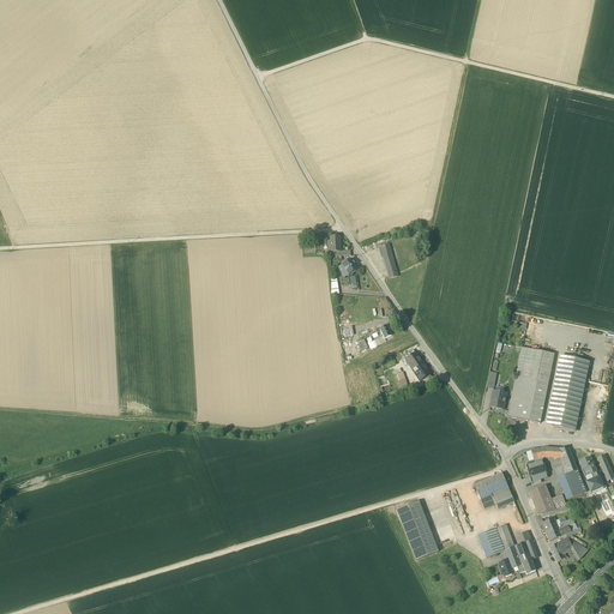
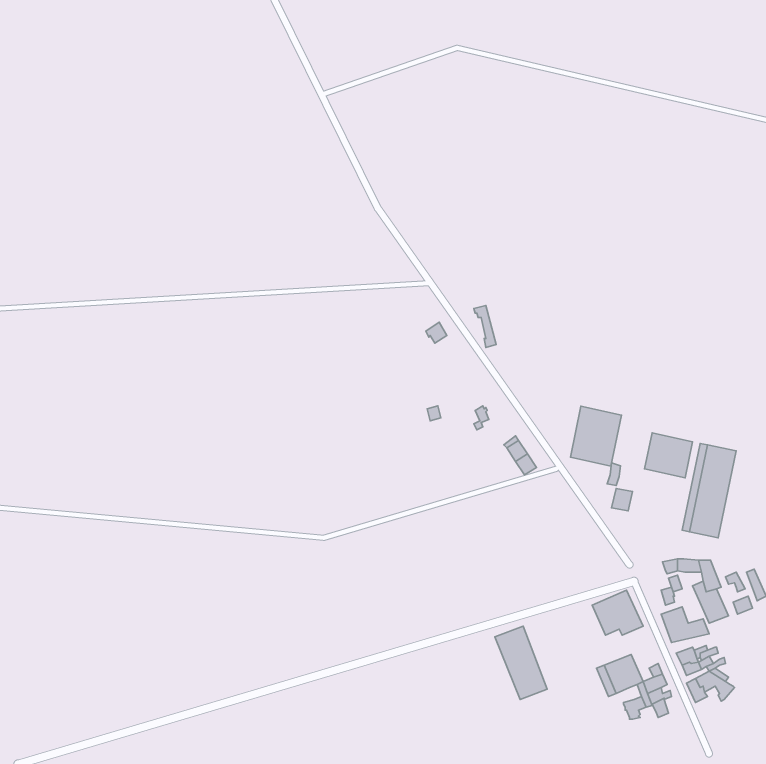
building: [507,375,548,423] -> [570,406,621,466]

